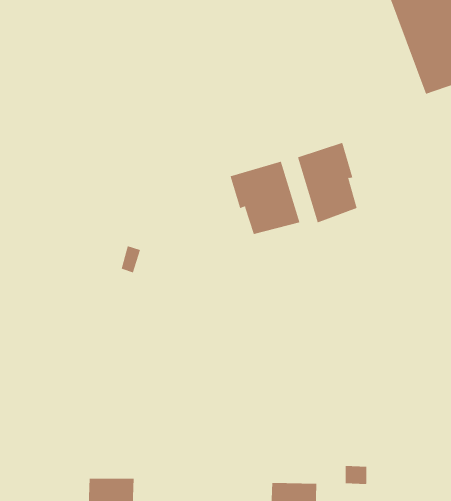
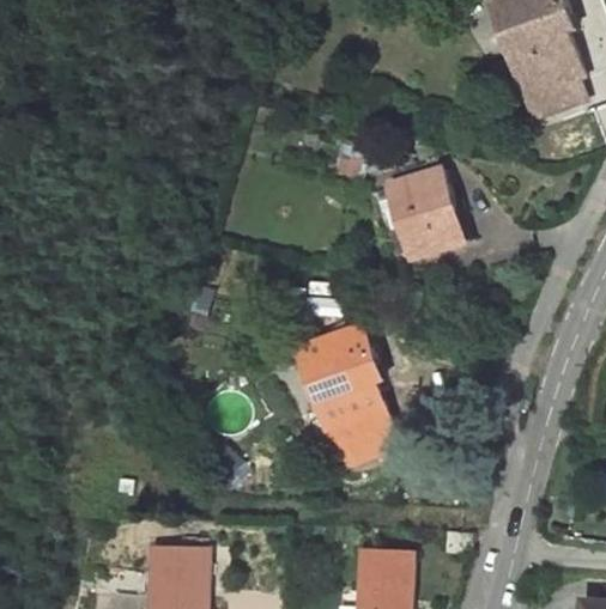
building: [230,161,300,235] -> none
building: none -> [298,325,392,464]

